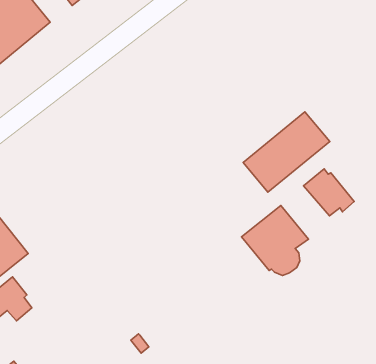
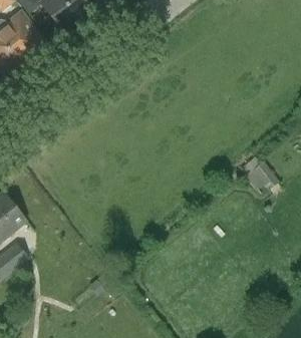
building: [243,112,330,192] -> none
building: [242,206,309,275] -> none

